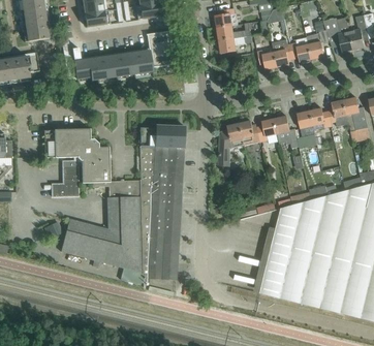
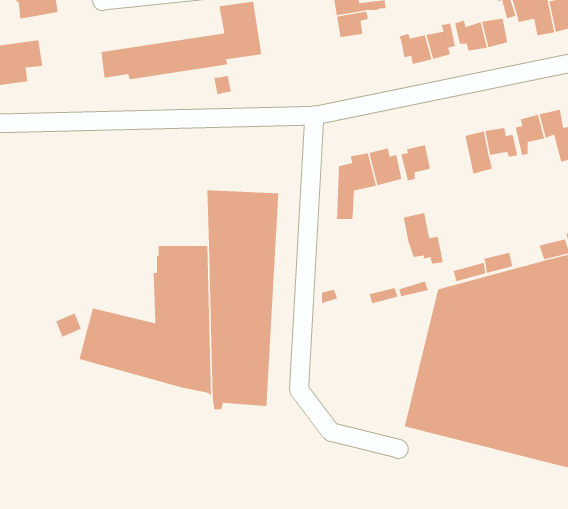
building: [274,115,299,147] -> [403,212,443,264]
building: [139,124,185,148] -> none
building: [43,128,110,196] -> none

